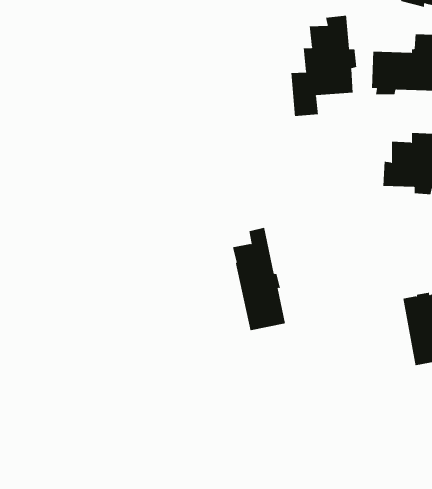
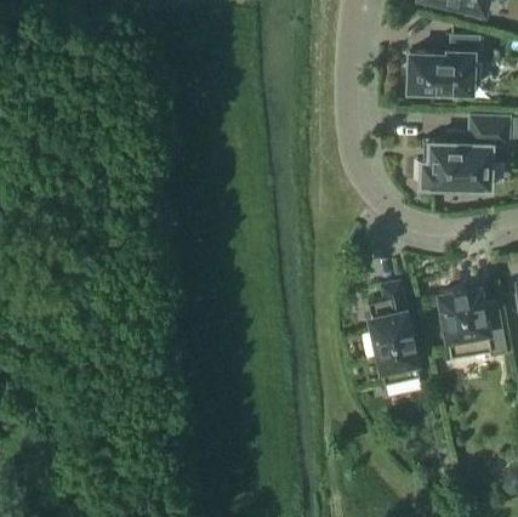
building: [291,15,357,117] -> none
building: [232,227,286,331] -> [366,284,419,385]

